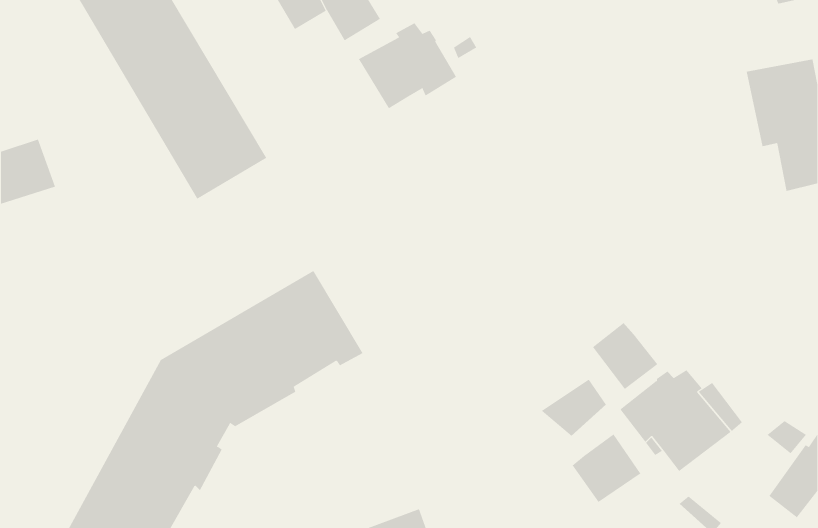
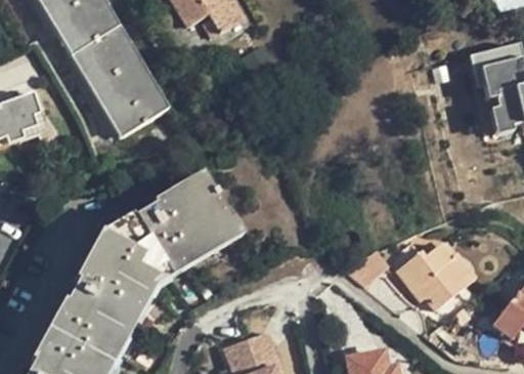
building: [358,22,457,109] -> none
building: [592,322,658,390] -> none
building: [572,434,641,503] -> none

